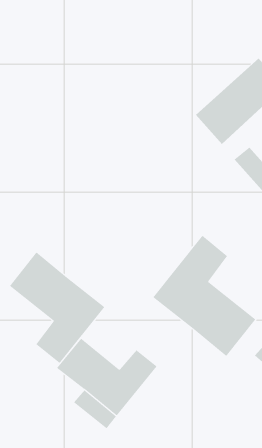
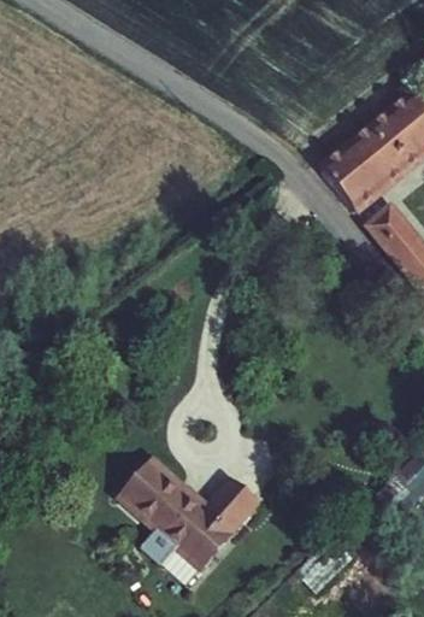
building: [152,235,256,357] -> none
building: [9,252,105,364] -> none

